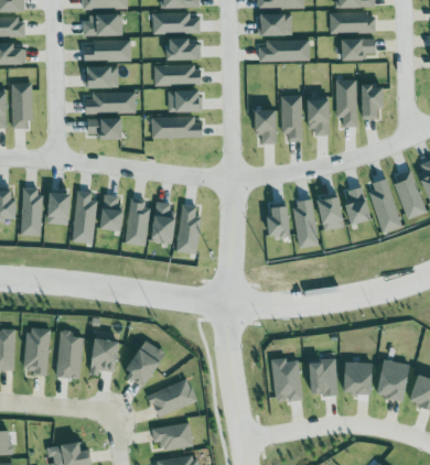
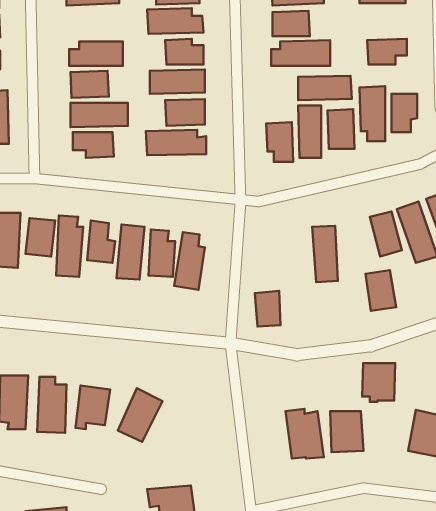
building: [329,13,375,34] -> [298,76,352,100]
building: [82,17,121,36] -> none
building: [318,195,344,230] -> [366,270,396,311]
building: [268,207,290,238] -> [255,291,280,327]
building: [344,361,373,394] -> [362,363,395,402]
building: [148,379,195,417] -> none

